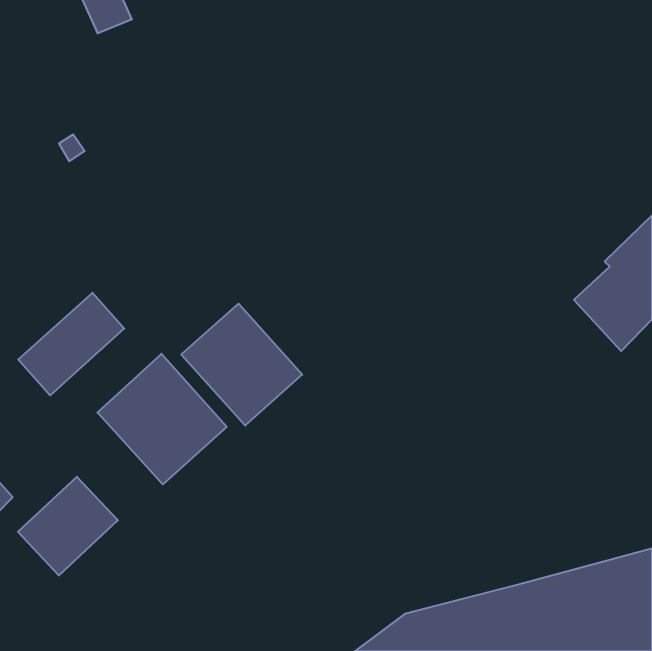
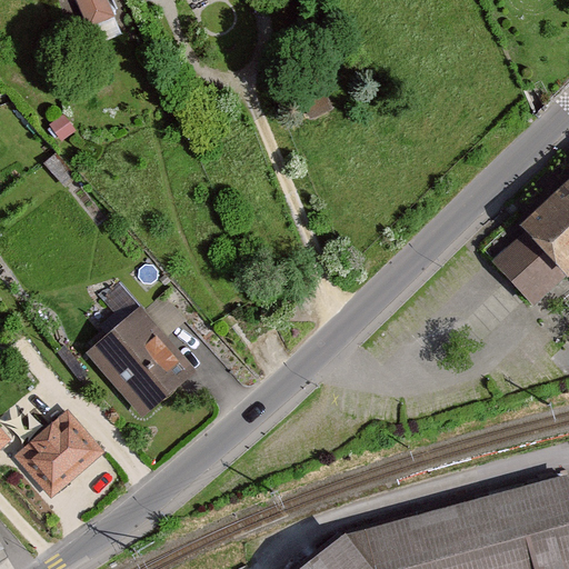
building: [18,293,124,395] -> none
building: [181,304,302,426] -> none

